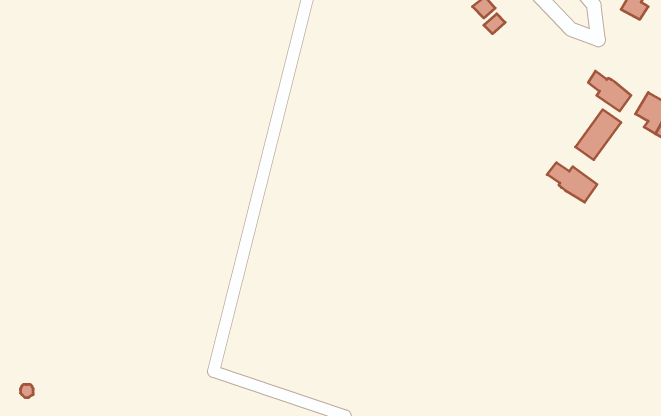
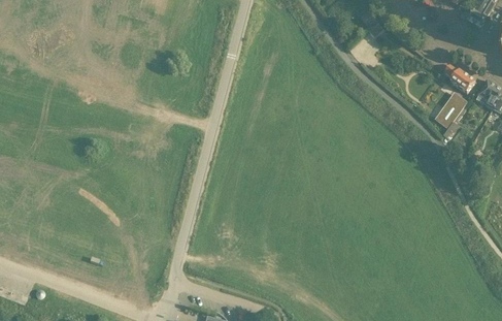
building: [547,163,597,202] -> none

